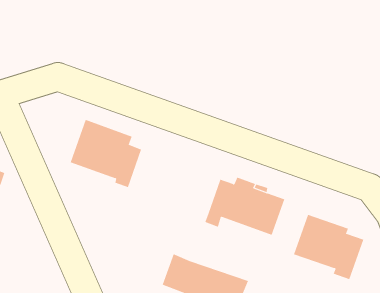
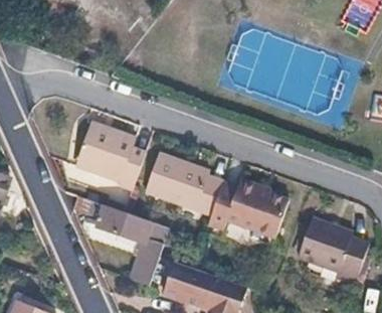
building: none -> [144,155,221,218]
building: none -> [69,190,171,283]

